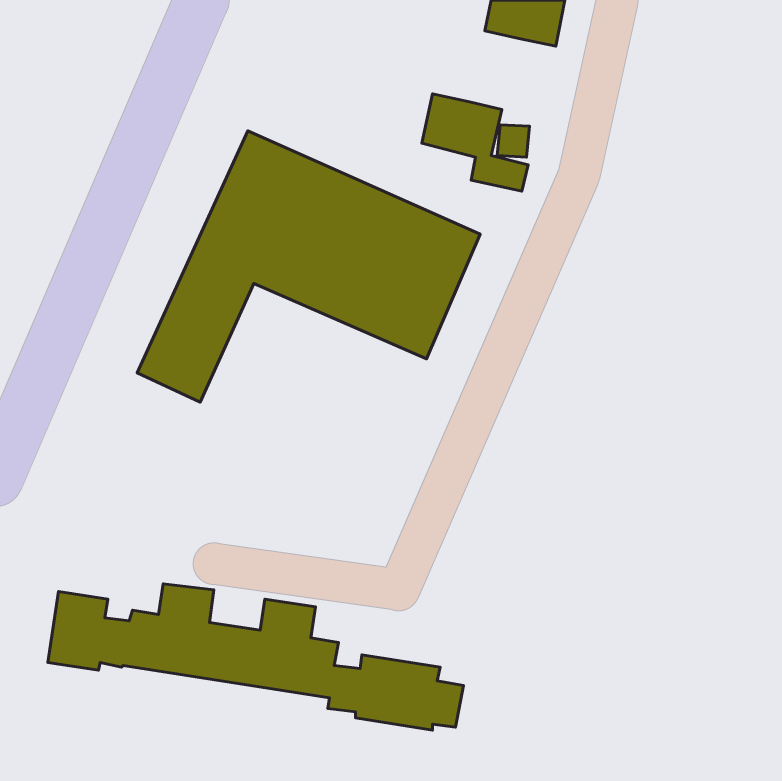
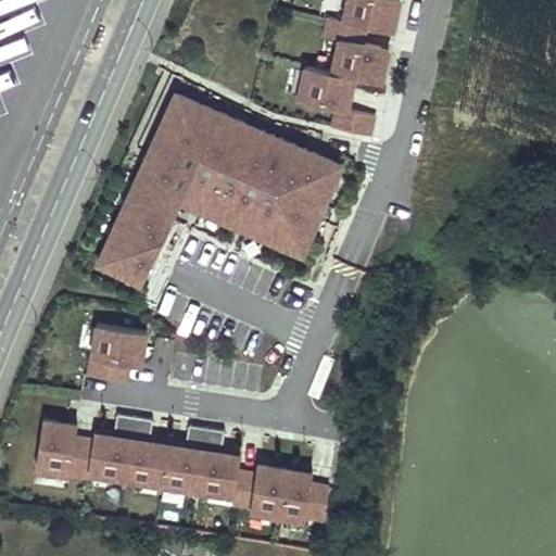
building: none -> [324,23,389,88]
building: none -> [86,327,144,383]

